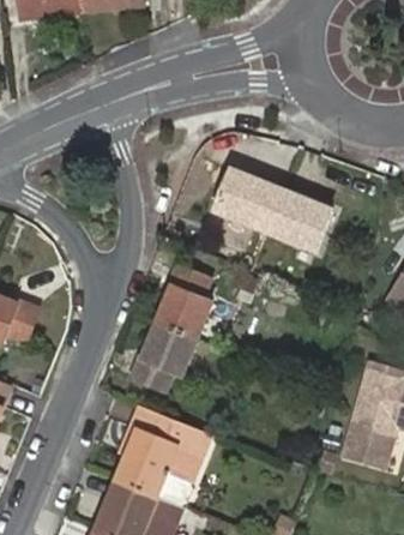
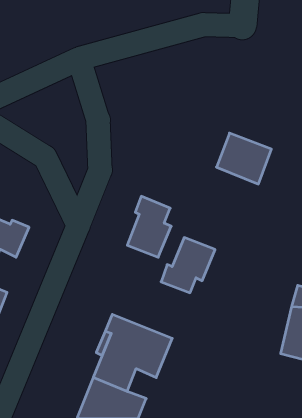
building: [213,172,279,232] -> none
building: [129,325,194,391] -> [161,238,215,293]

